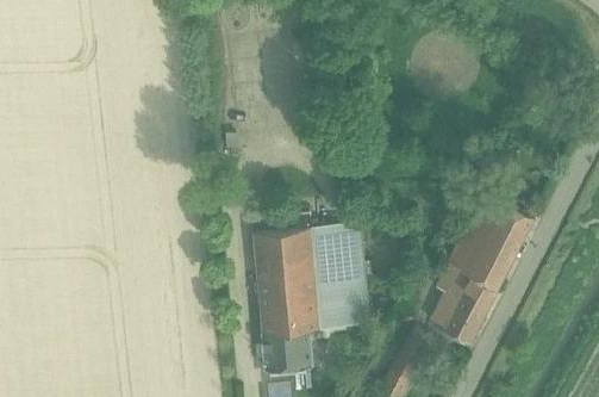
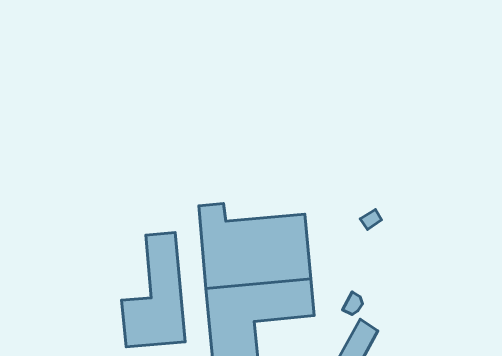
building: [430,196,532,348] -> none
building: none -> [122,233,185,347]

